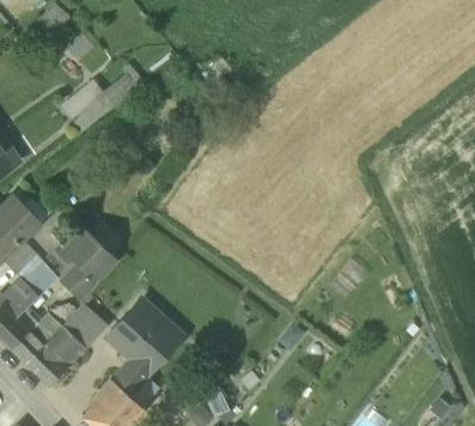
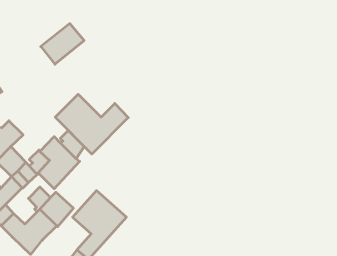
building: none -> [55,94,128,154]

